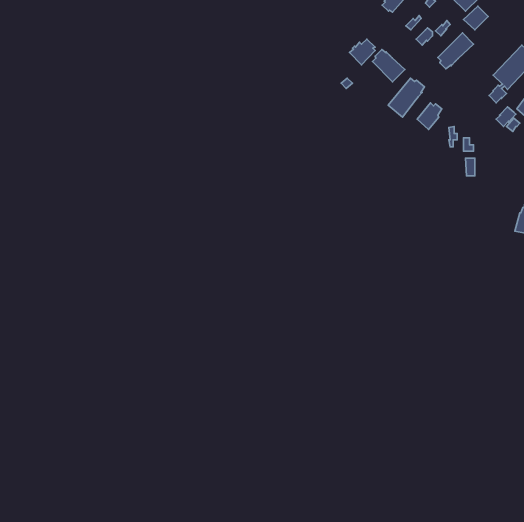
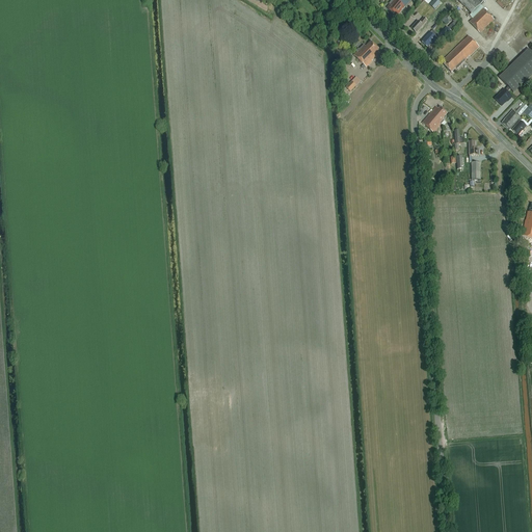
building: [372,50,405,82] -> none
building: [388,78,424,117] -> none

